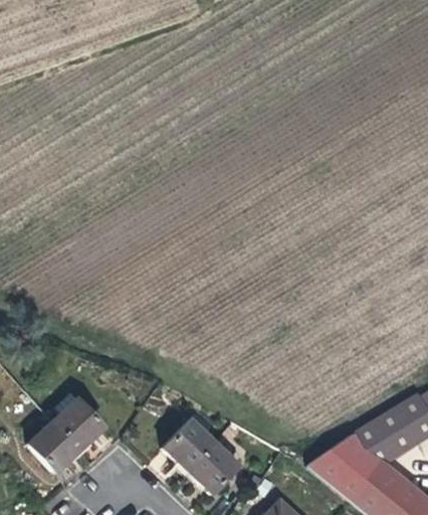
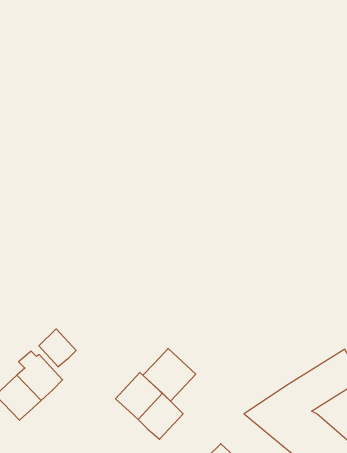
building: none -> [39,329,76,367]
building: none -> [143,348,196,401]

